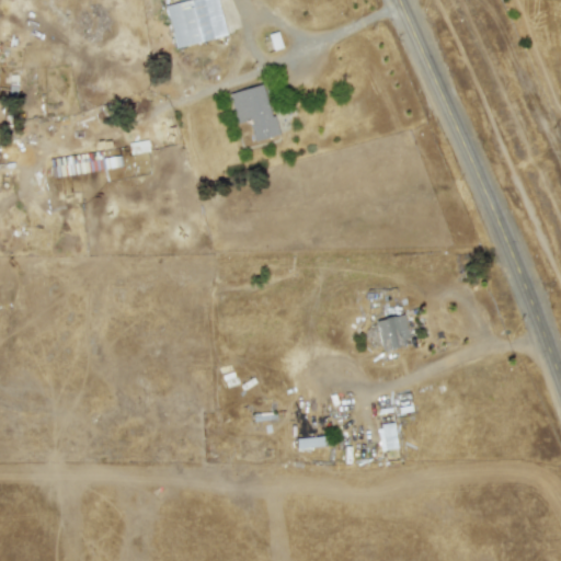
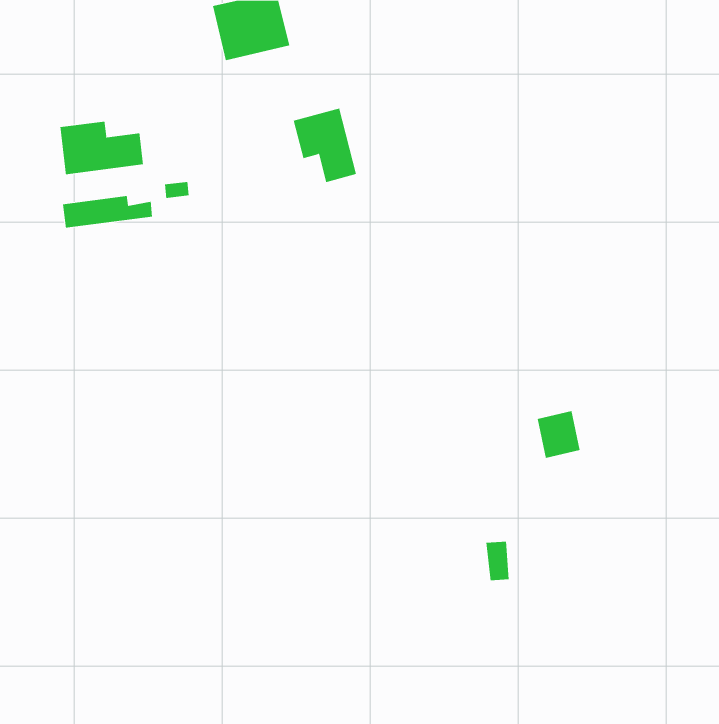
building: none -> [60,121,144,175]
building: [377,313,411,351] -> [537,410,581,459]

